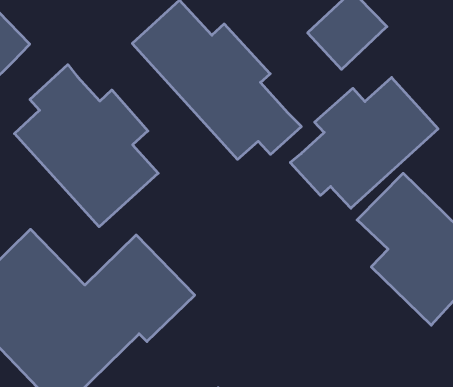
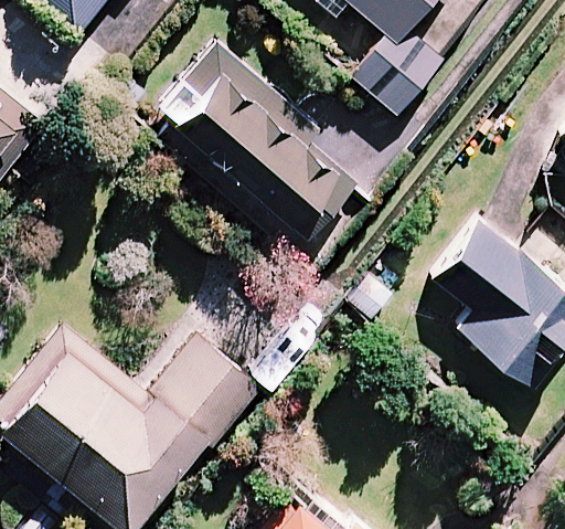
building: [14,65,158,227] -> none
building: [290,77,438,208] -> none

